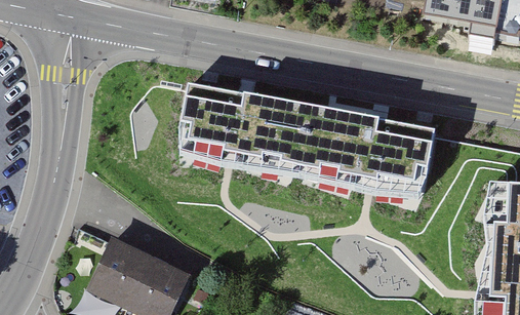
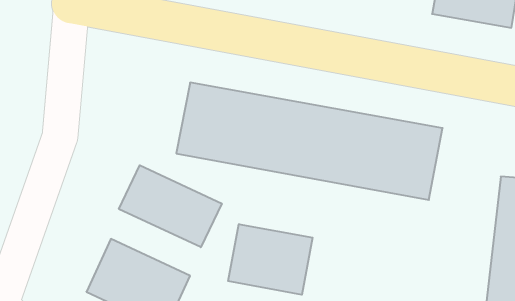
building: none -> [119,165,222,247]
building: none -> [228,224,313,295]

